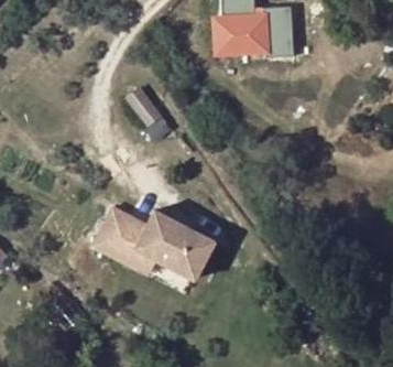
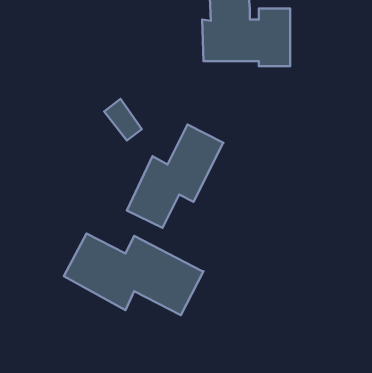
building: none -> [127,125,224,228]

